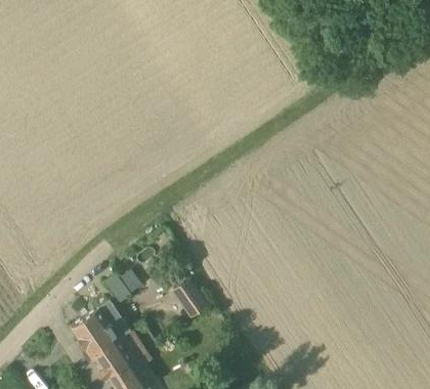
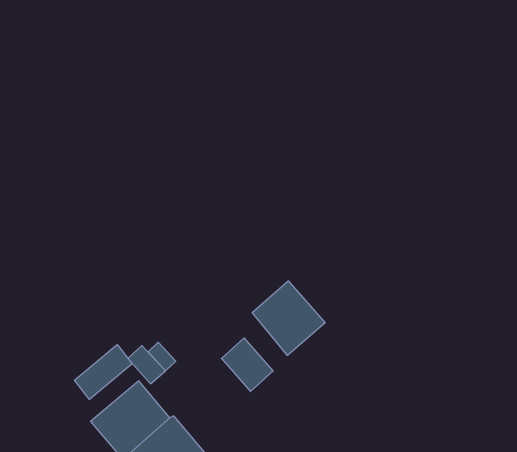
building: none -> [252,281,325,355]
building: none -> [75,345,132,399]

